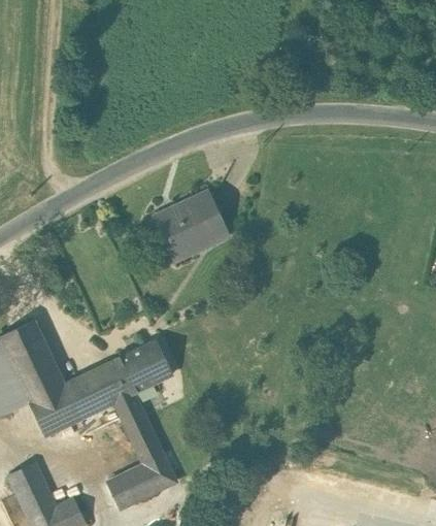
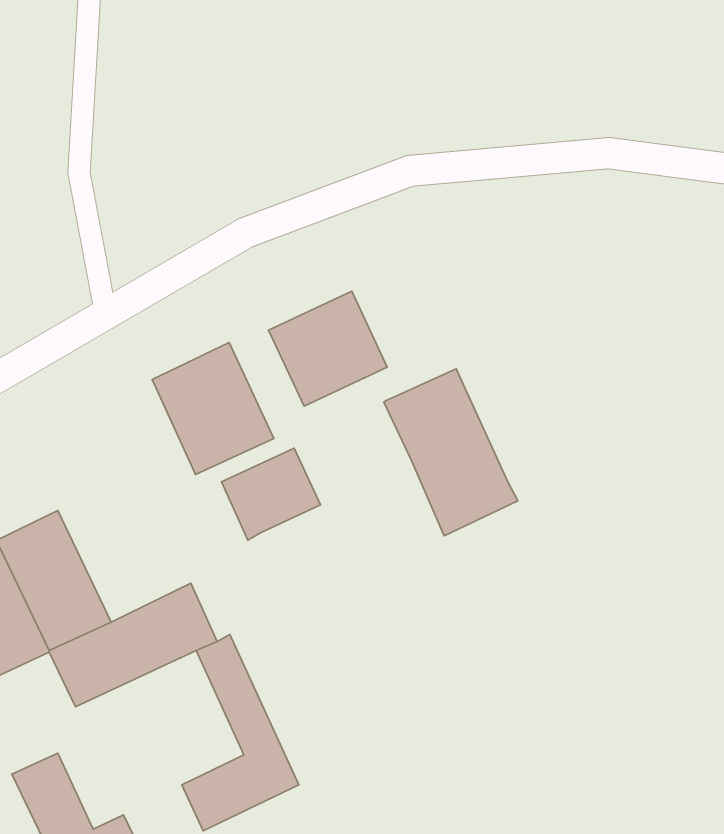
building: none -> [152,343,274,475]
building: none -> [384,369,518,536]
building: [112,343,170,397] -> [221,448,321,540]

